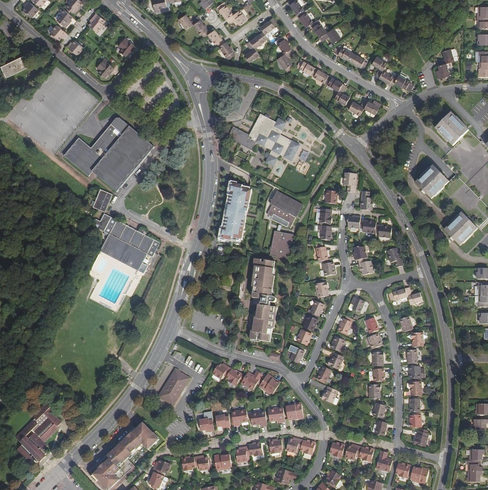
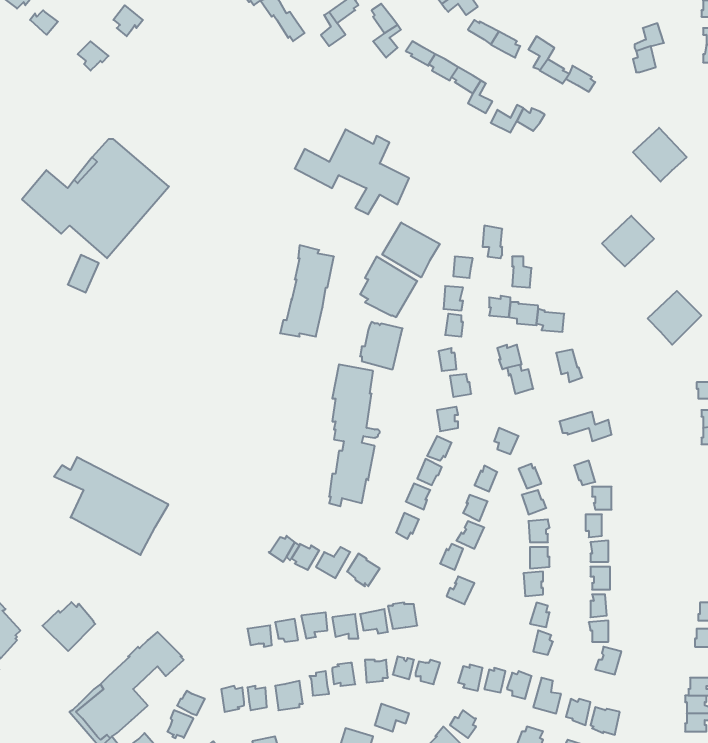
building: none -> [382,222,440,277]
building: [90,213,160,273] -> [54,457,168,555]
building: [156,368,191,406] -> none
building: none -> [42,602,95,651]

